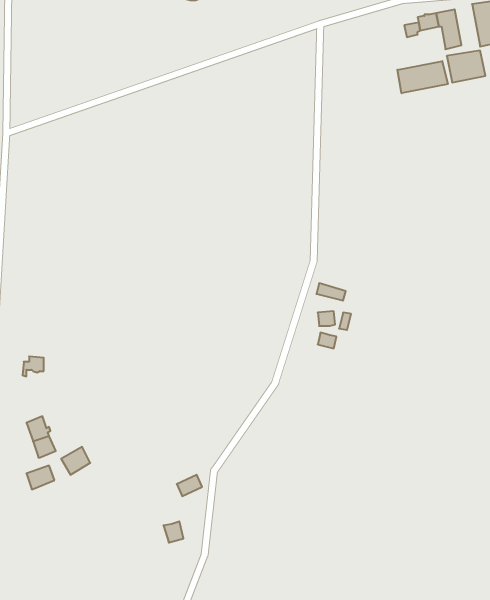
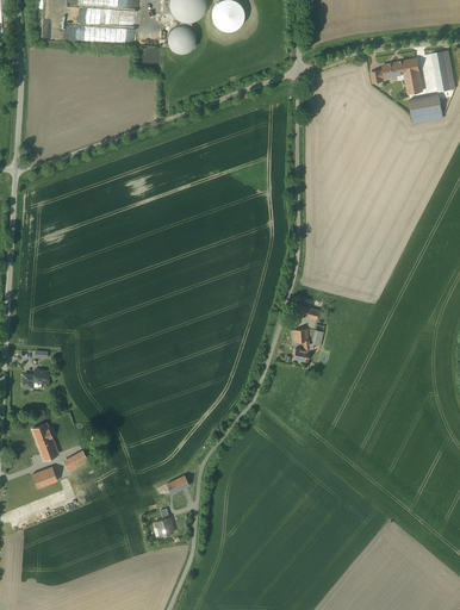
building: [397,61,448,93] -> none

